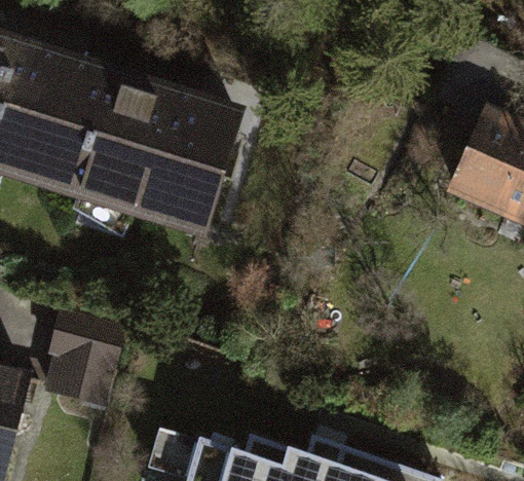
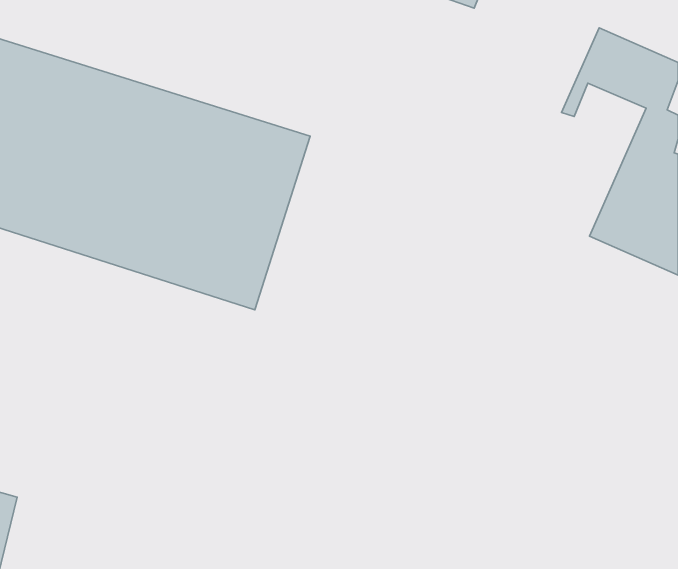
building: [45,314,126,410] -> none

